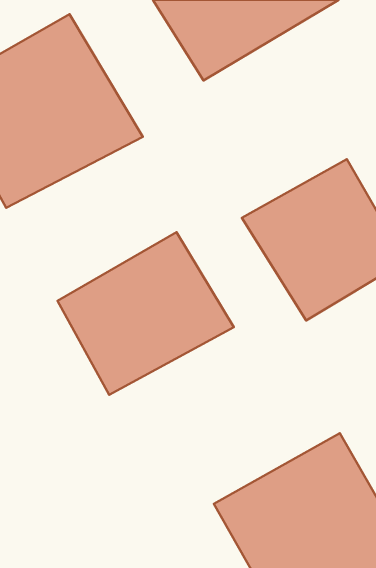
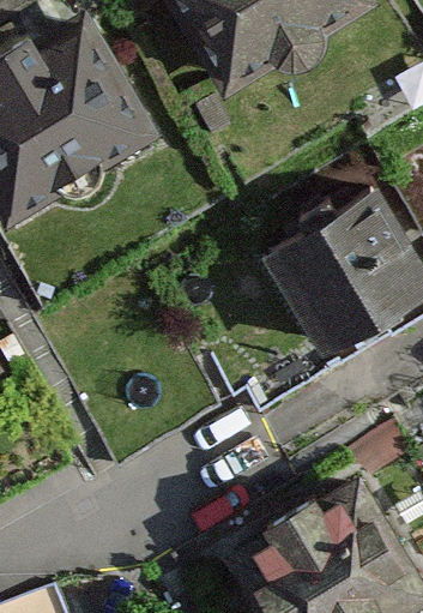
building: [58,232,234,395] -> none

